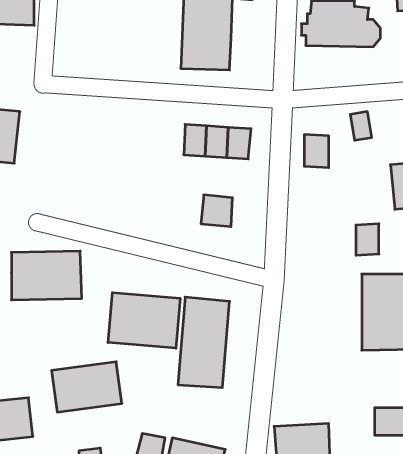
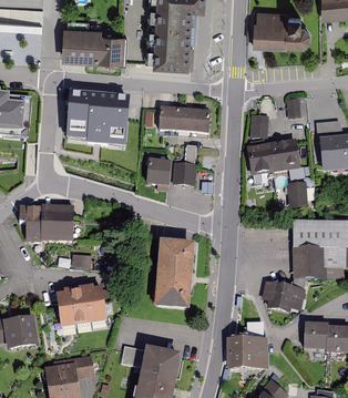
building: none -> [64,24,125,61]
building: none -> [63,91,127,146]
building: none -> [247,136,307,183]
building: none -> [144,157,168,185]
building: [108,293,180,348] -> none
building: none -> [260,280,305,309]

